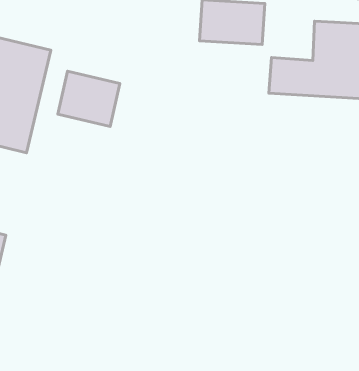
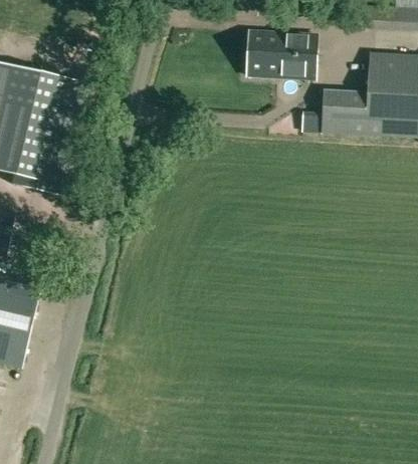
building: [58,71,120,127] -> none

